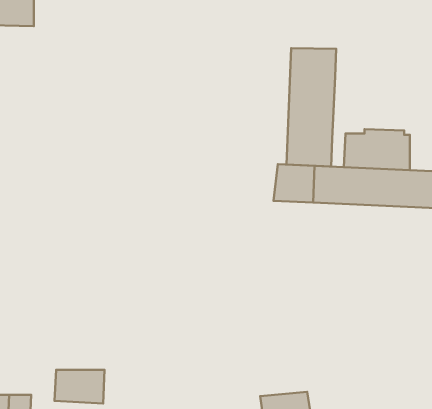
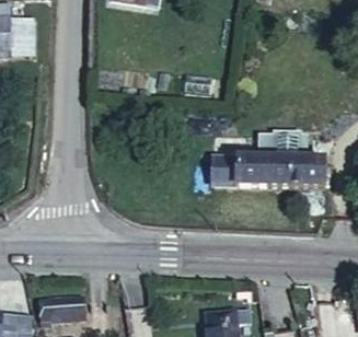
building: [287,48,336,166] -> none

